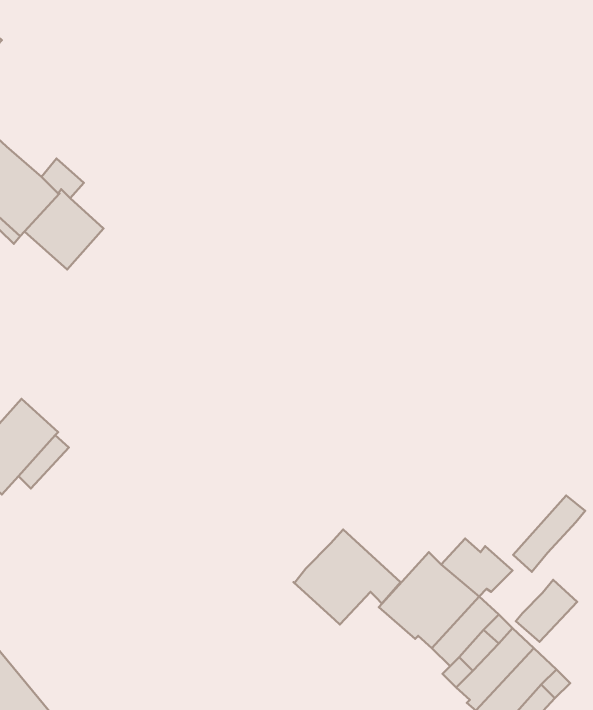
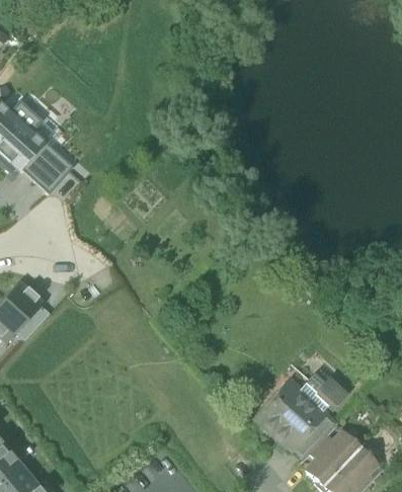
building: none -> [10,98,44,131]
building: [513,496,585,572] -> none
building: [293,530,401,624] -> none
building: [516,580,577,642] -> none

